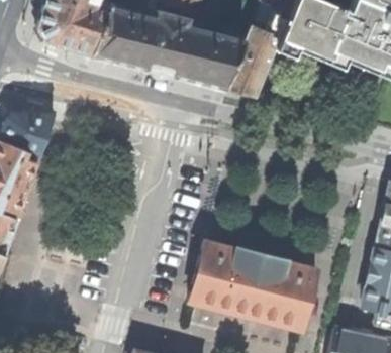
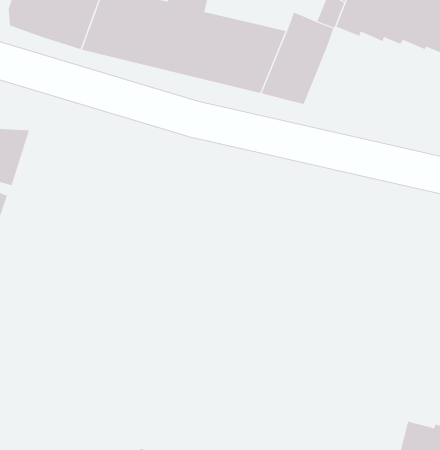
building: [189,242,316,331] -> none

